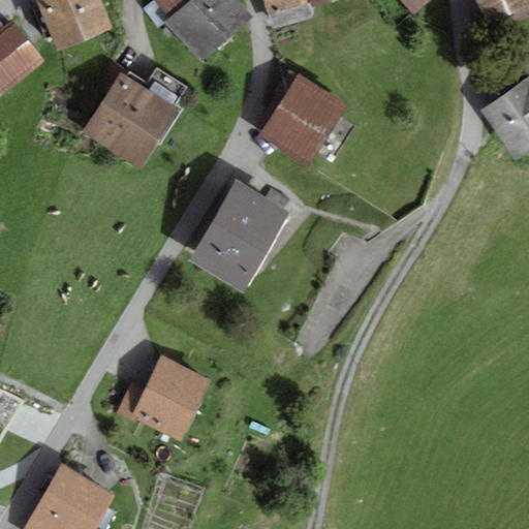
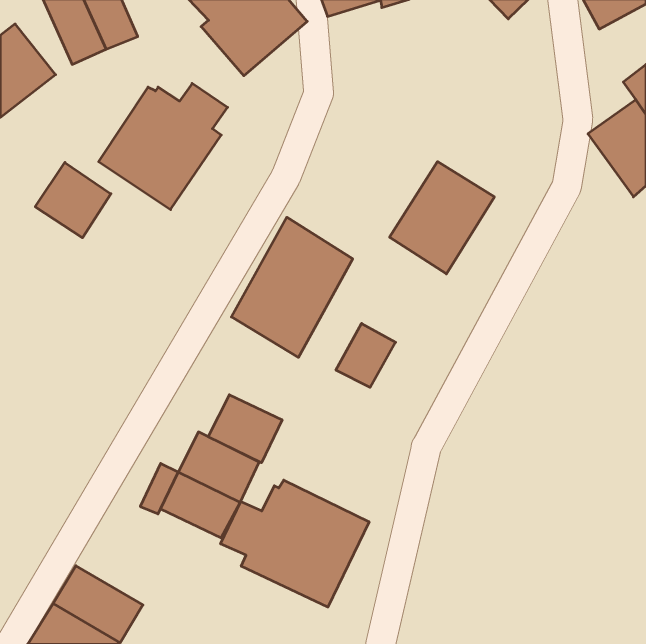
building: [260,73,346,165] -> [390,162,494,274]
building: none -> [35,162,111,238]
building: none -> [336,323,396,387]
building: none -> [208,395,282,463]
building: none -> [221,480,369,607]

